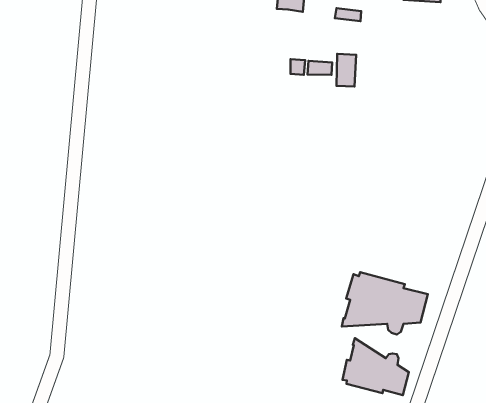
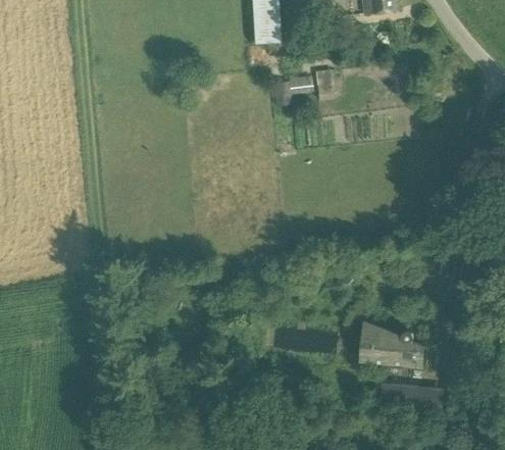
building: [342,272,428,335] -> none

